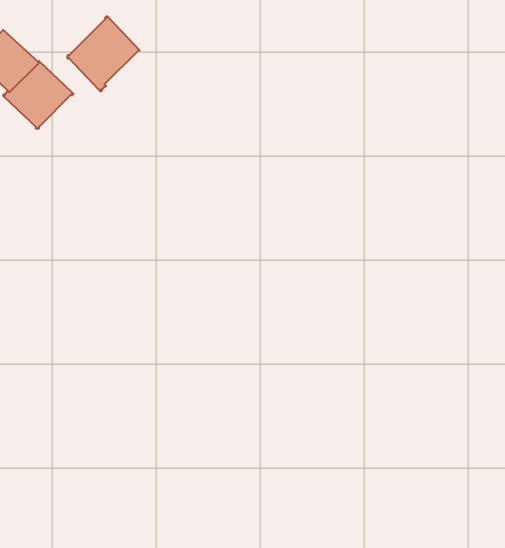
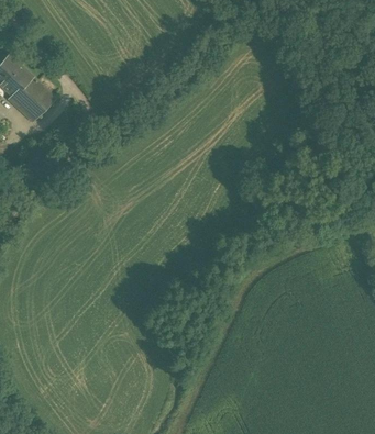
building: [68,16,140,92] -> none

